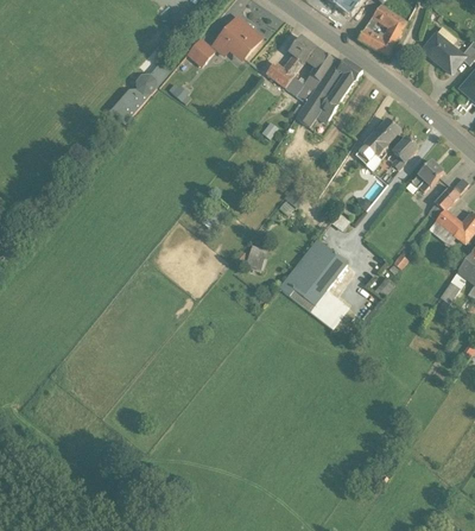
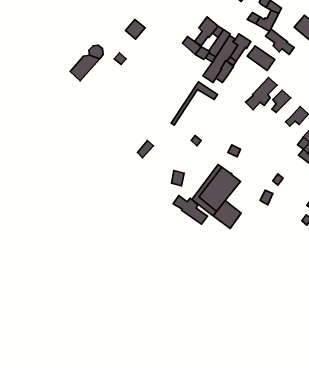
building: [214,18,261,57] -> none
building: none -> [266,29,294,54]
building: none -> [247,46,275,70]
building: none -> [171,82,217,125]
building: none -> [173,196,208,224]

